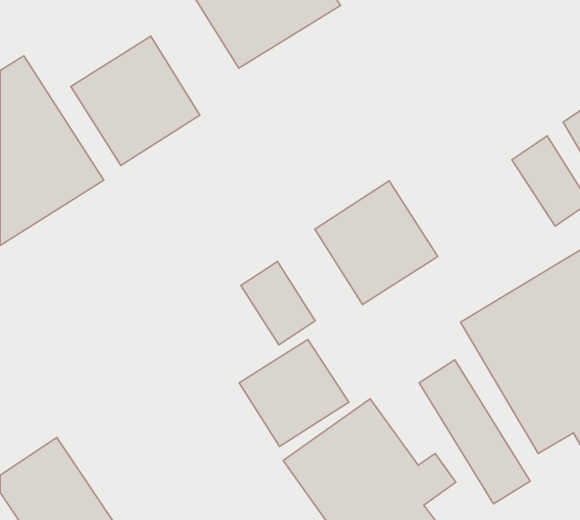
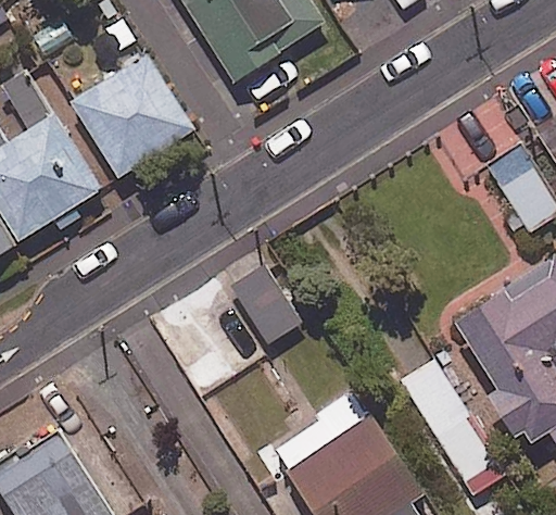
building: [315,181,438,304] -> none
building: [239,339,349,446] -> none

